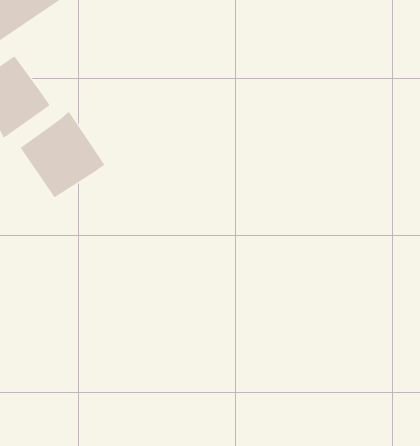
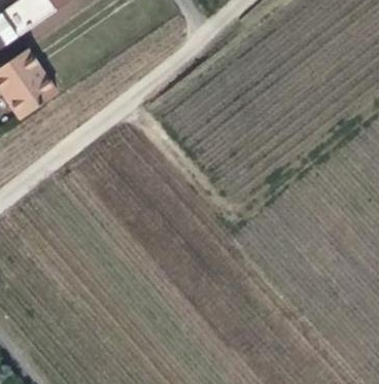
building: [20,111,105,198] -> none

